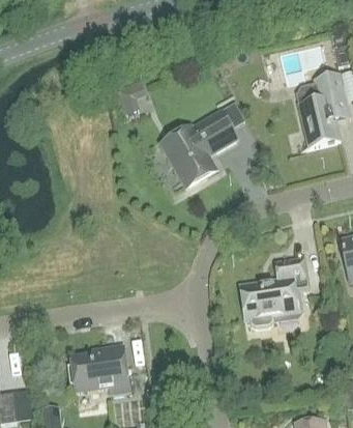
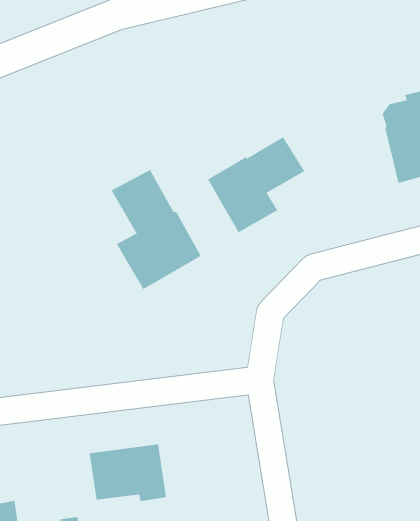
building: none -> [111,169,202,290]
building: [238,258,308,327] -> none

